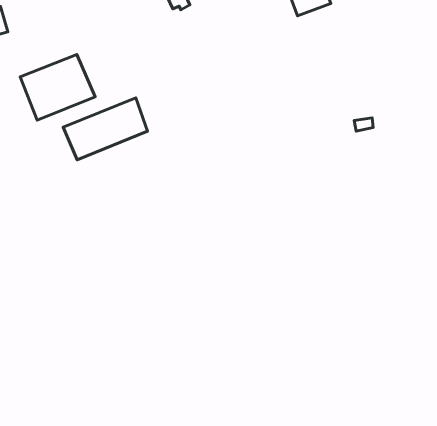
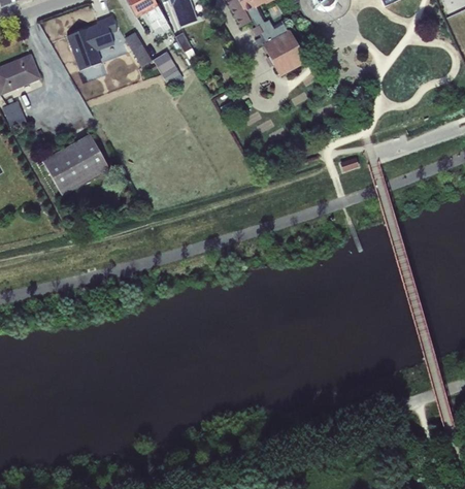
building: [63,98,148,160] -> none

